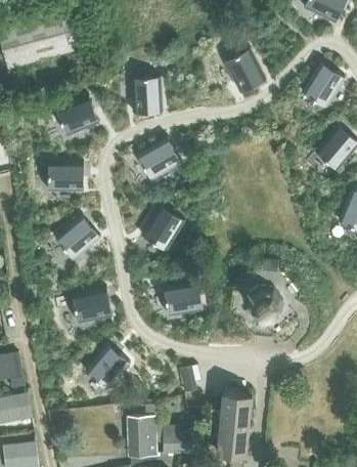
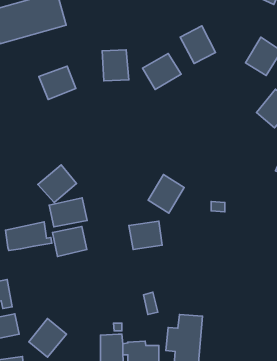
building: [136,137,182,180] -> [142,53,181,89]
building: [48,162,84,192] -> none
building: [141,205,184,251] -> [148,175,184,213]
building: none -> [49,198,87,227]
building: none -> [5,222,52,251]
building: [250,288,282,322] -> none
building: [85,344,130,390] -> [29,319,66,357]

